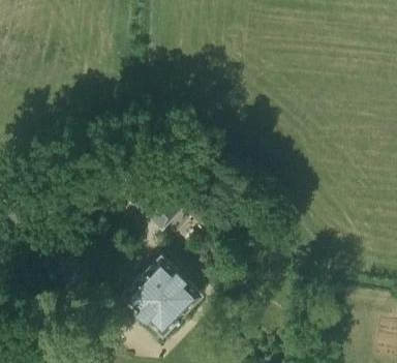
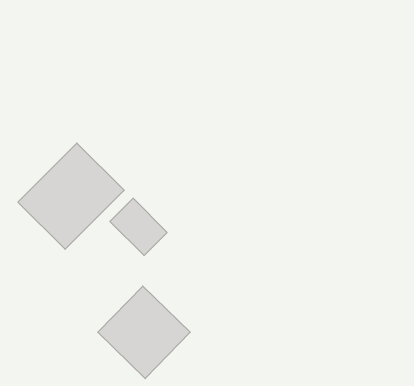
building: none -> [18,143,124,249]

